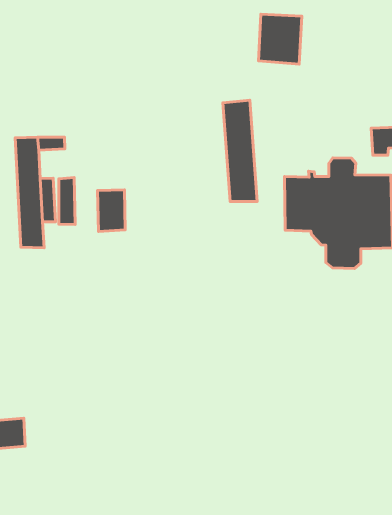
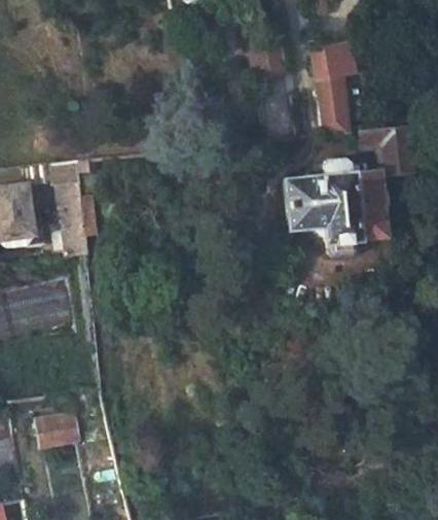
building: [223,100,257,202] -> [313,44,350,135]
building: [97,190,125,231] -> none

